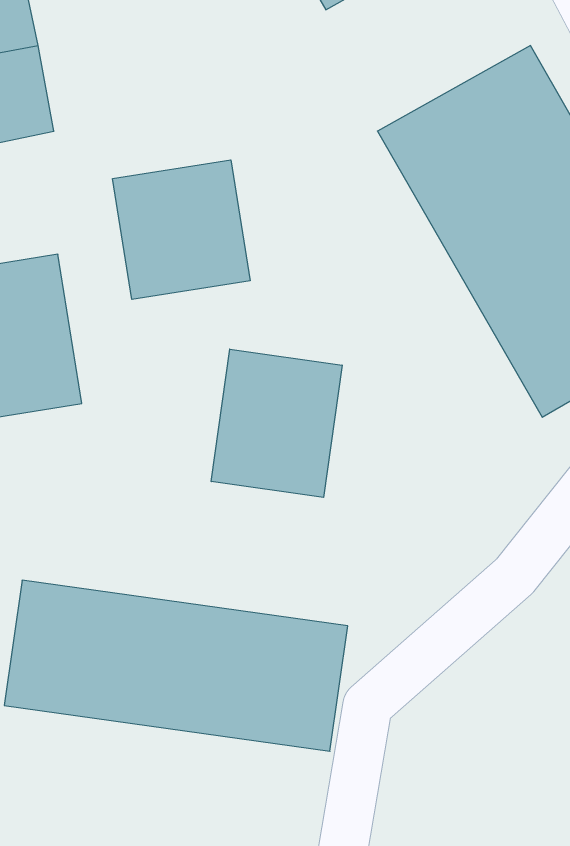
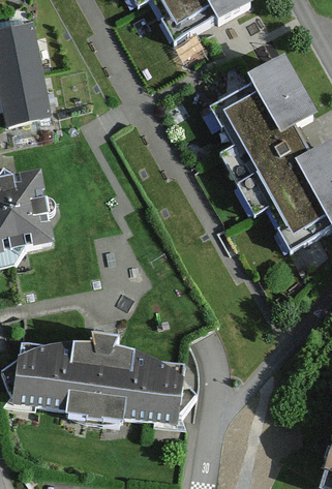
building: [113,160,250,299] -> none
building: [211,349,342,497] -> none

